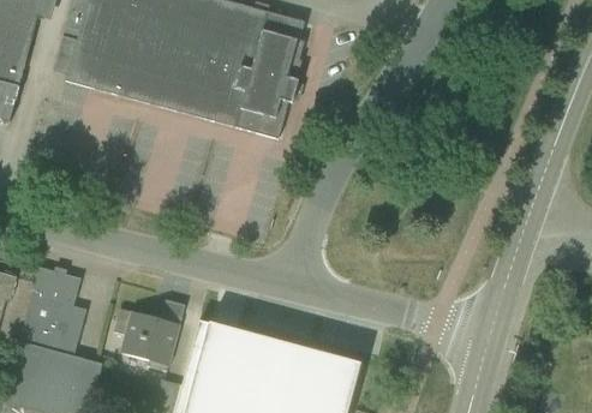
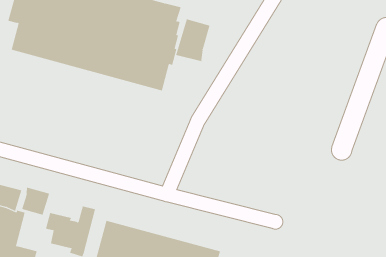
building: none -> [175,18,210,63]
building: none -> [21,187,50,216]

